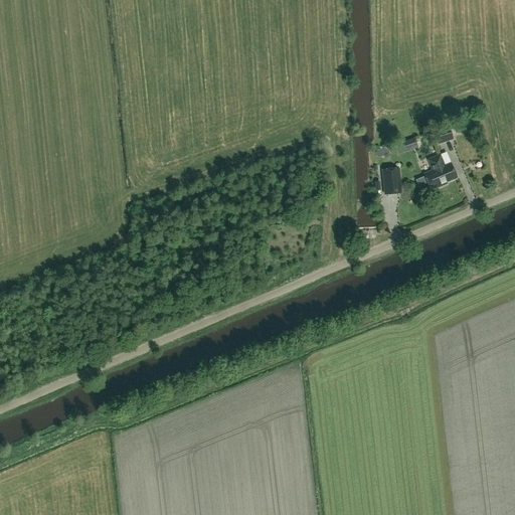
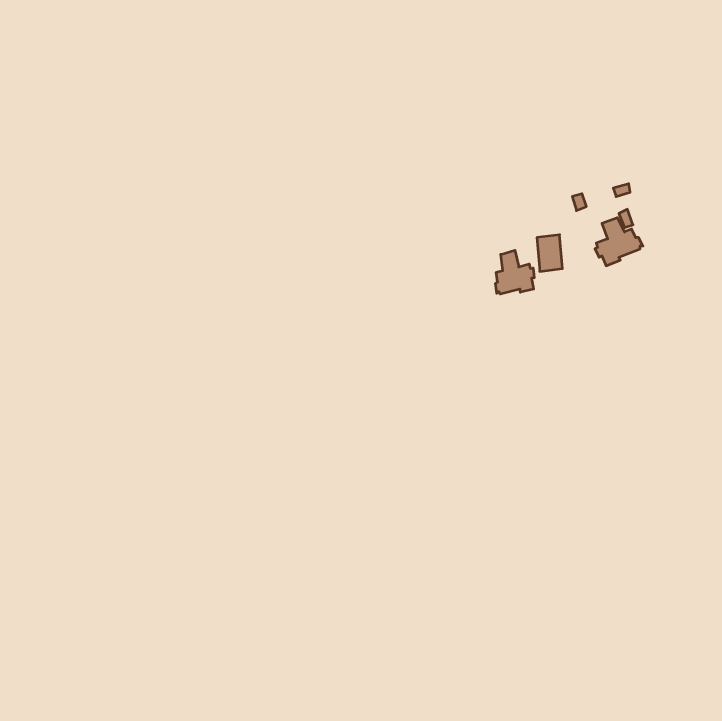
building: none -> [495,250,534,294]

